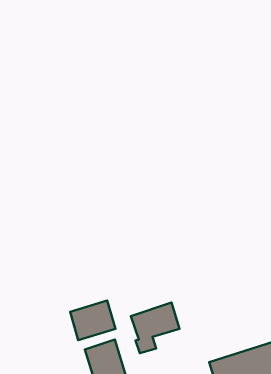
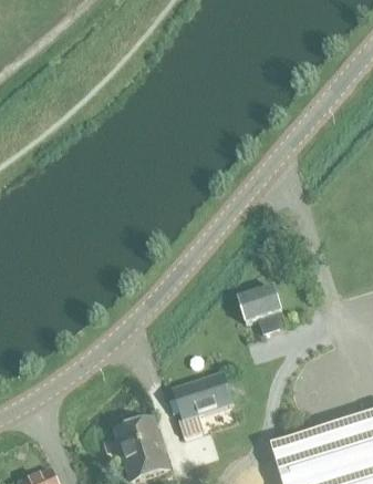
building: none -> [239,287,287,334]
building: [70,300,115,340] -> none

